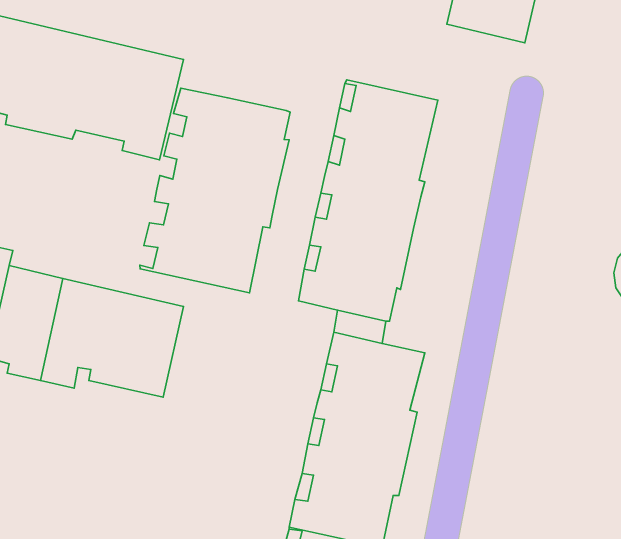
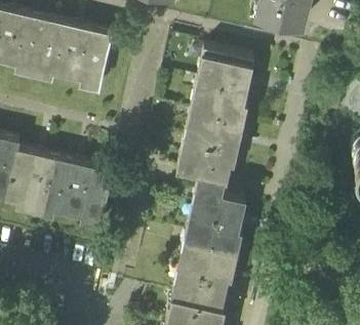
building: [140,88,290,293] -> none

